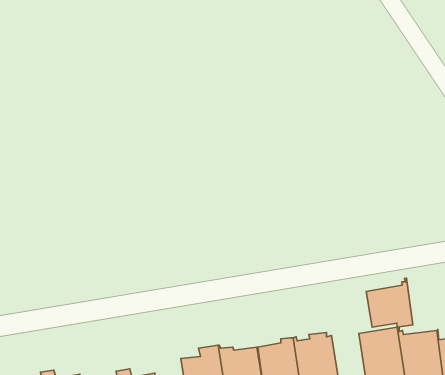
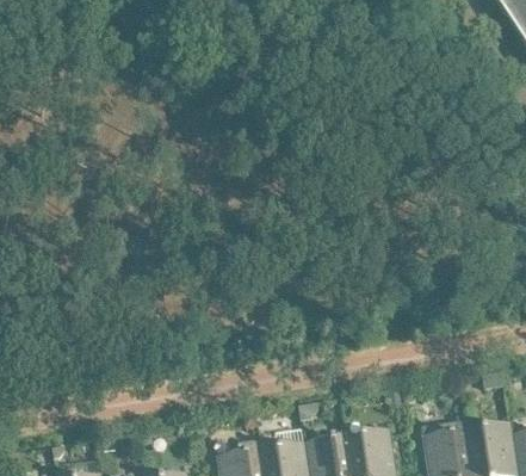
building: [366,278,413,327] -> none

